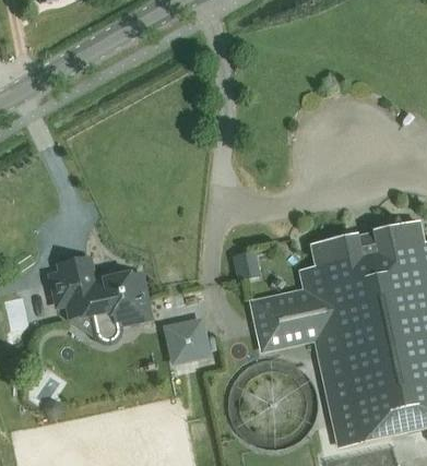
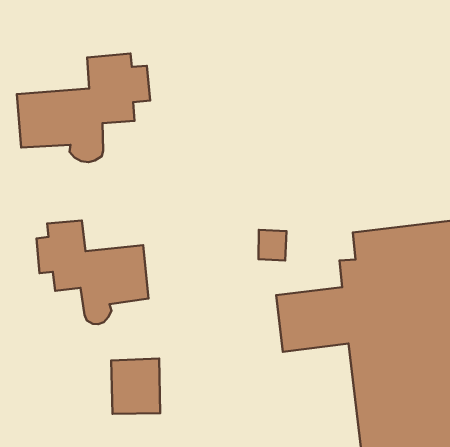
building: none -> [17,54,150,162]
building: [163,312,207,361] -> [111,359,160,414]

